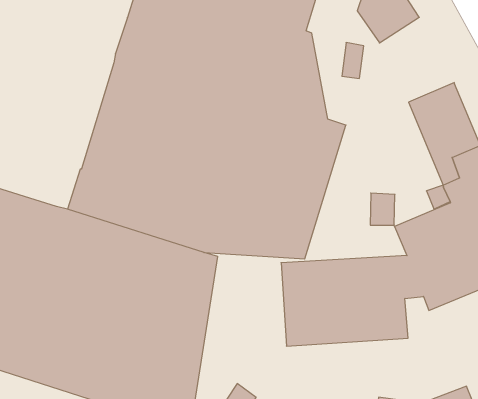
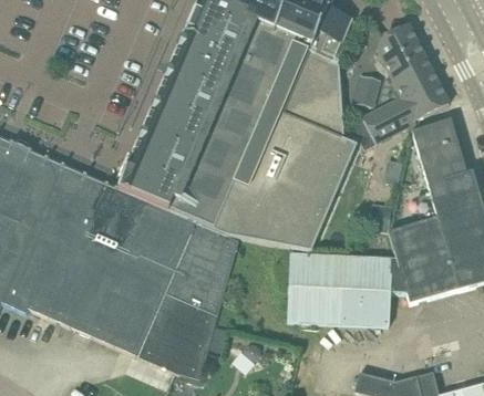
building: none -> [362,60,449,143]

